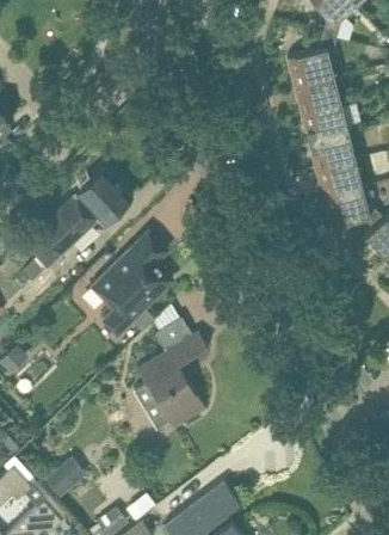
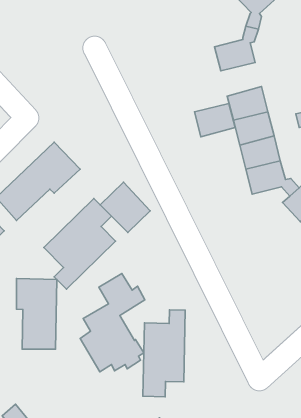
building: [294,76,340,115] -> [195,103,235,137]
building: none -> [100,182,150,233]
building: none -> [16,278,57,349]
building: none -> [143,310,185,397]

